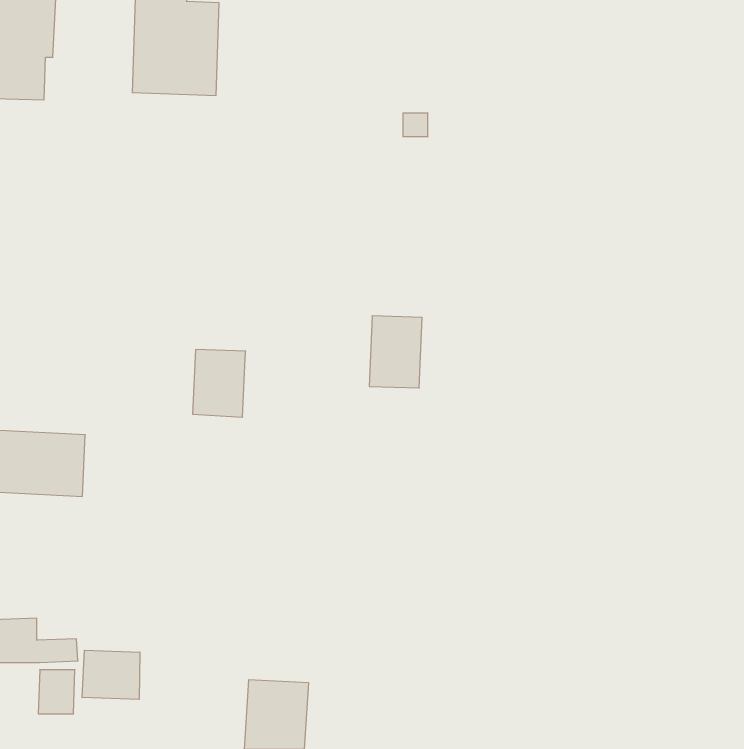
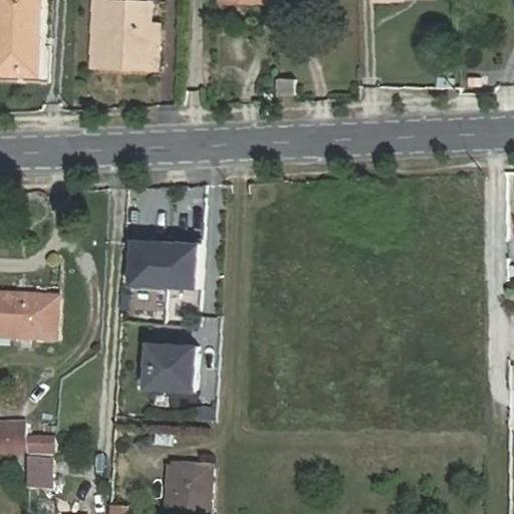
building: [369,316,422,388] -> [166,237,202,286]
building: none -> [146,343,197,390]
building: [82,650,140,699] -> none

